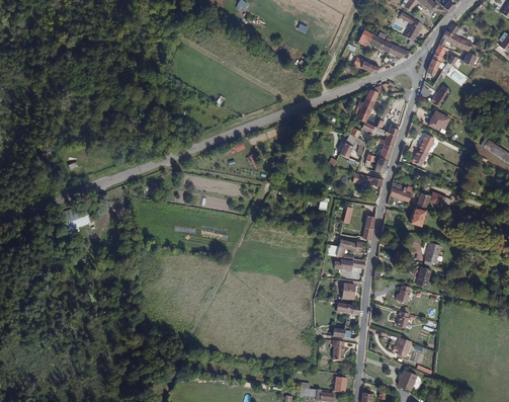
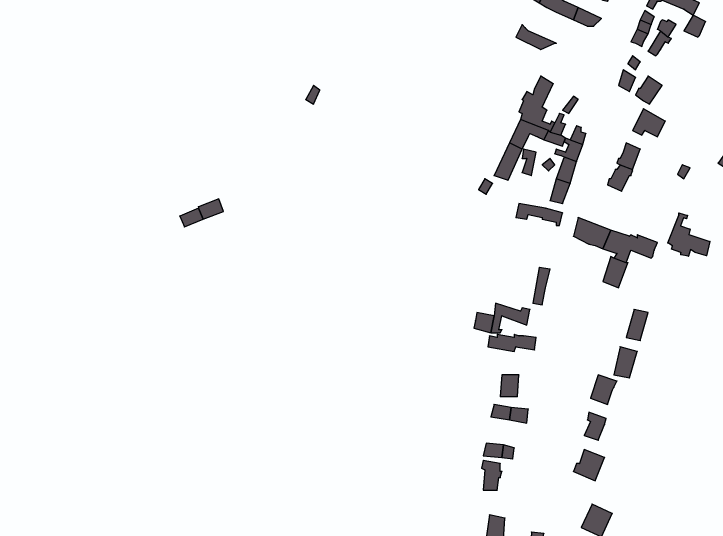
building: none -> [668,213,710,256]

